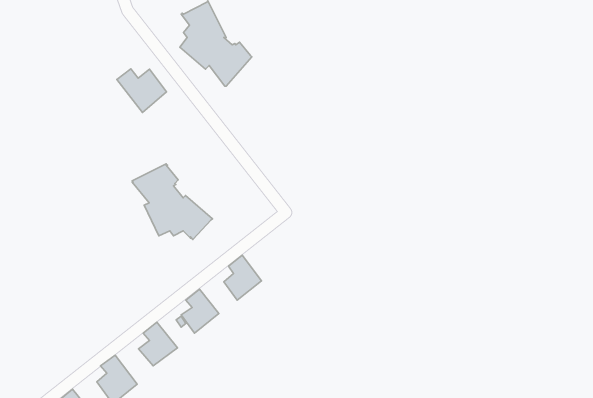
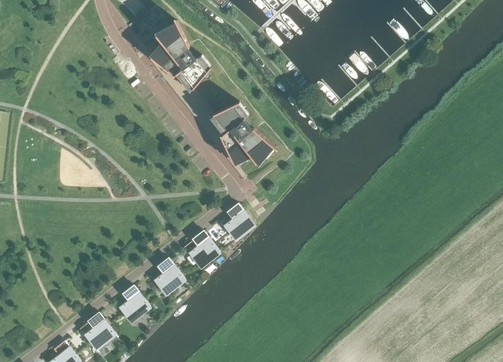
building: [117,69,167,113] -> none
building: [132,164,212,239] -> [209,102,275,164]
building: none -> [223,204,254,240]

